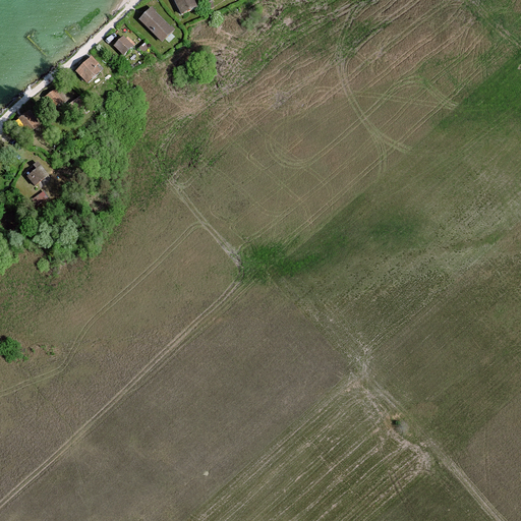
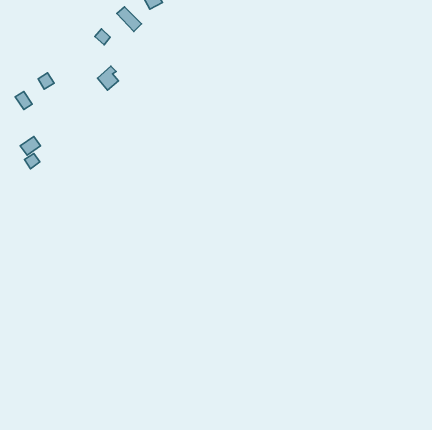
building: [75,55,101,83] -> [97,66,119,90]

